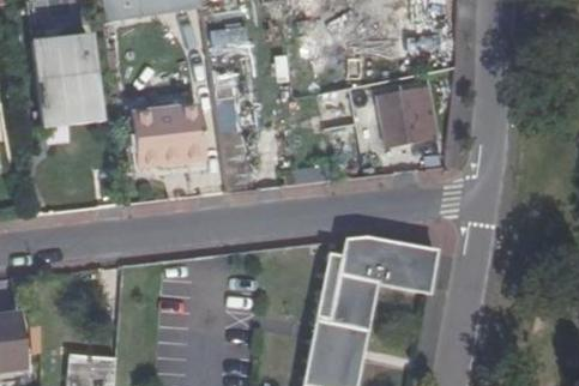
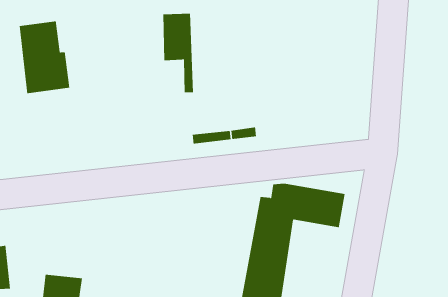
building: [374,86,435,147] -> none
building: [139,96,198,150] -> none

